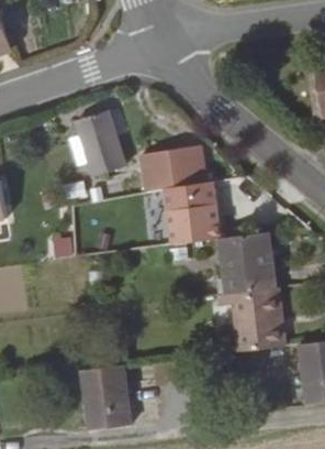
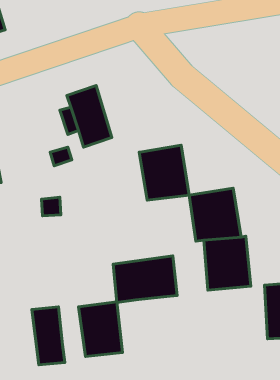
building: [142,145,206,183] -> none
building: none -> [113,256,177,302]
building: none -> [32,307,65,365]

